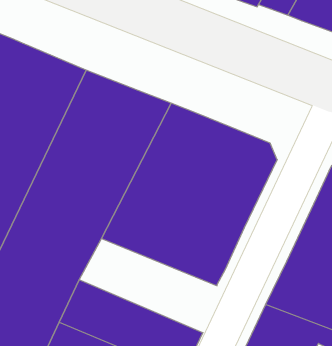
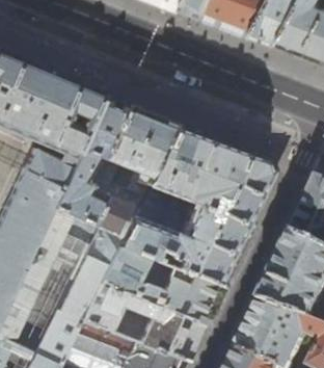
building: none -> [93,241,221,324]

